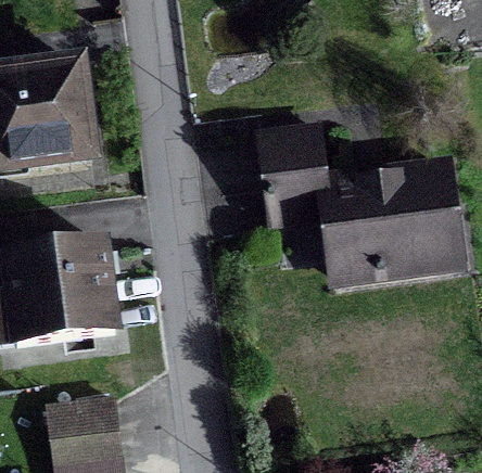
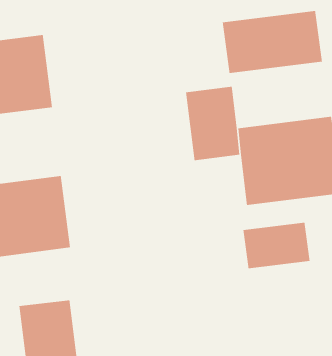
building: none -> [222,10,322,74]
building: none -> [243,222,310,269]

